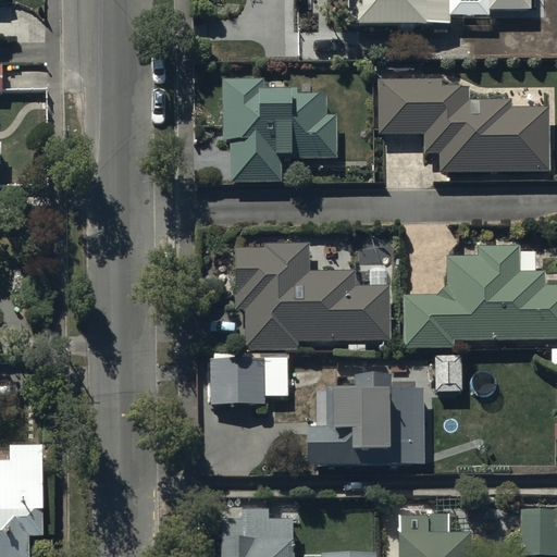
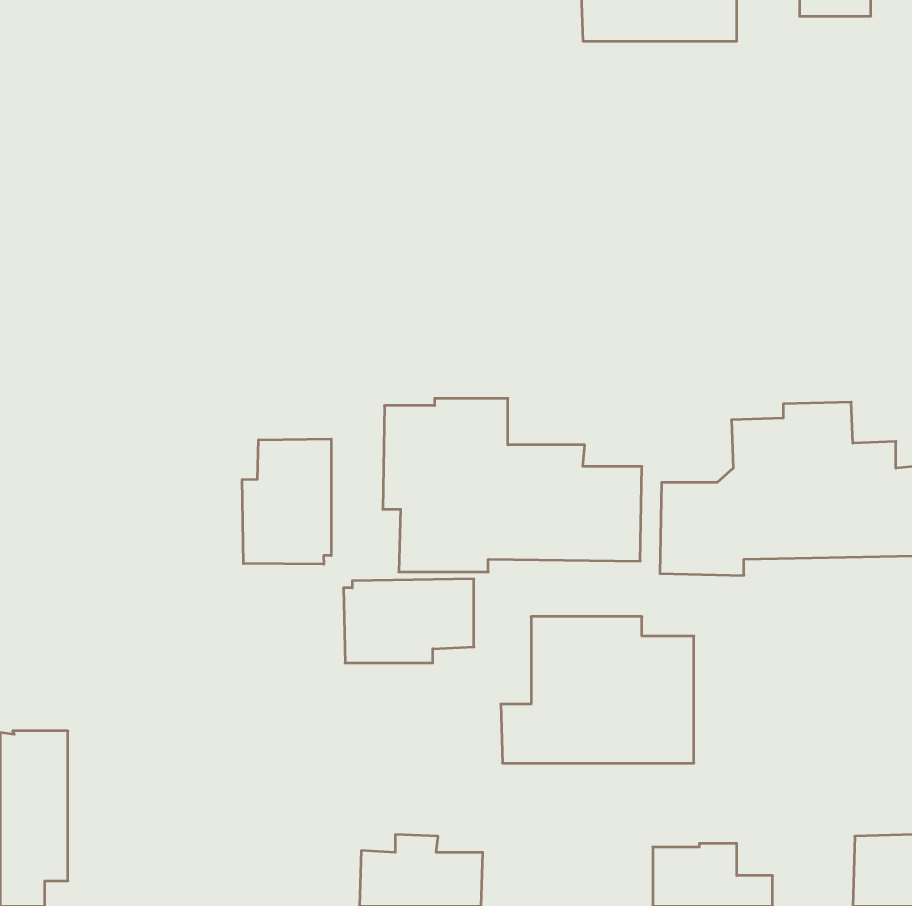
building: [377,65,549,172] -> none
building: [222,78,336,183] -> none
building: none -> [242,439,331,564]

